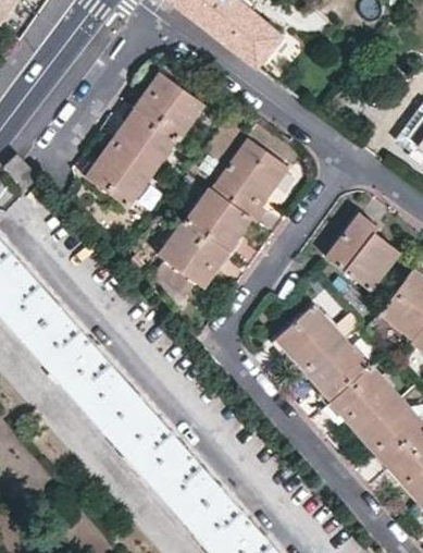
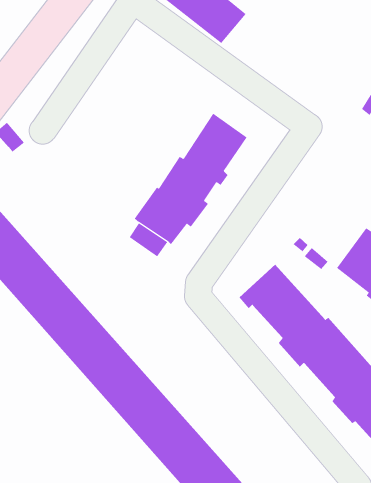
building: [79,76,199,209] -> none
building: [325,216,400,291] -> none

